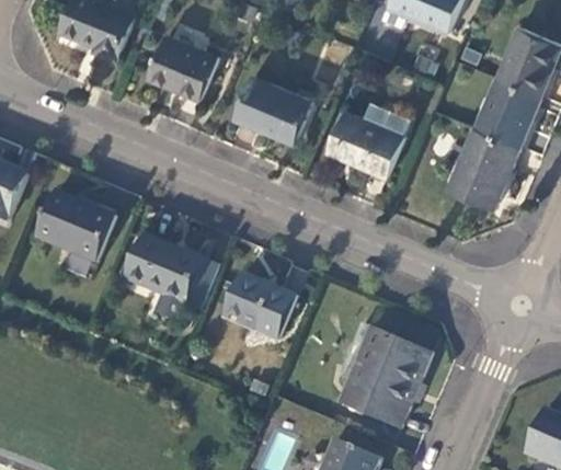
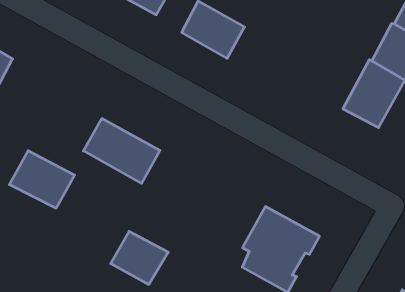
building: [325,100,412,176] -> none
building: [36,193,116,261] -> [9,151,75,208]
building: [225,275,295,339] -> [111,231,168,284]

